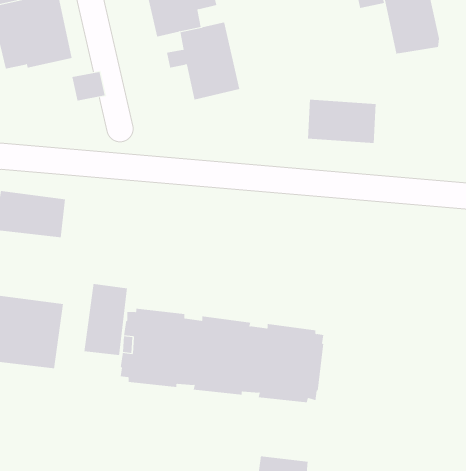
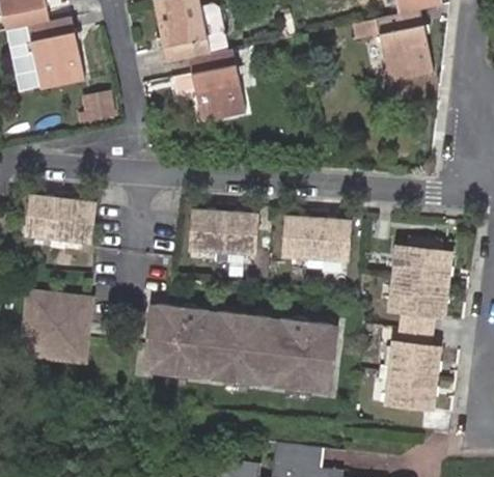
building: [307,99,377,143] -> [281,217,347,258]
building: none -> [189,211,254,252]
building: none -> [385,238,448,408]
building: [84,283,127,356] -> none

